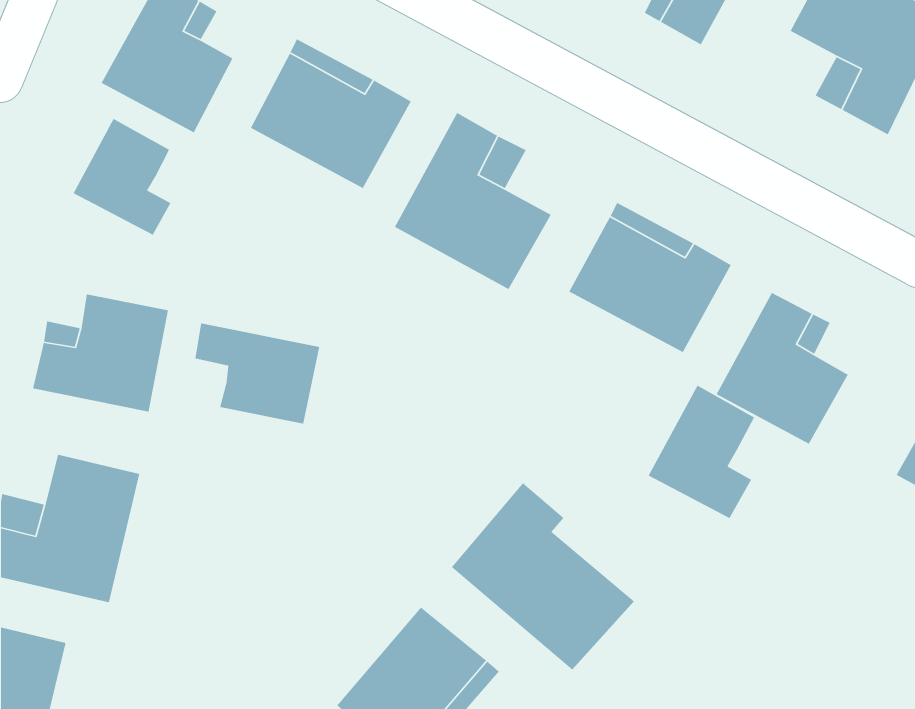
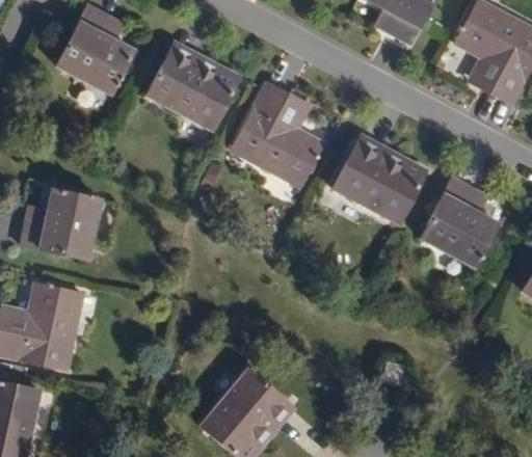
building: [73,118,172,236] -> none
building: [195,323,320,425] -> none
building: [648,385,755,519] -> none
building: [451,482,635,671] -> none

